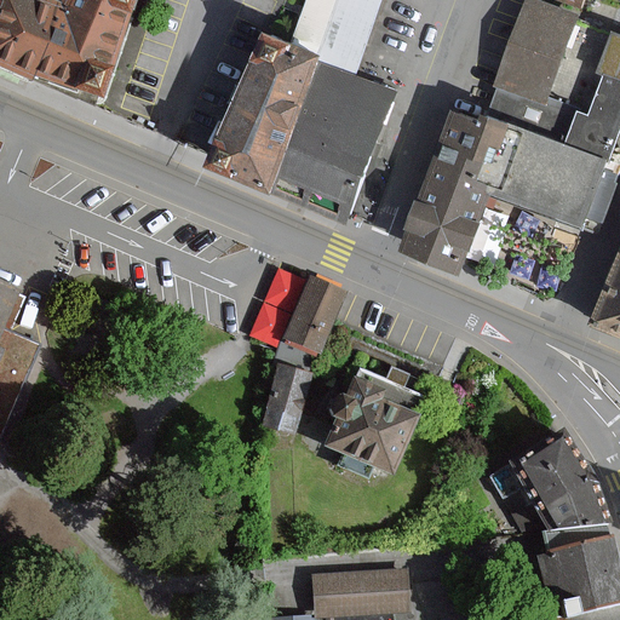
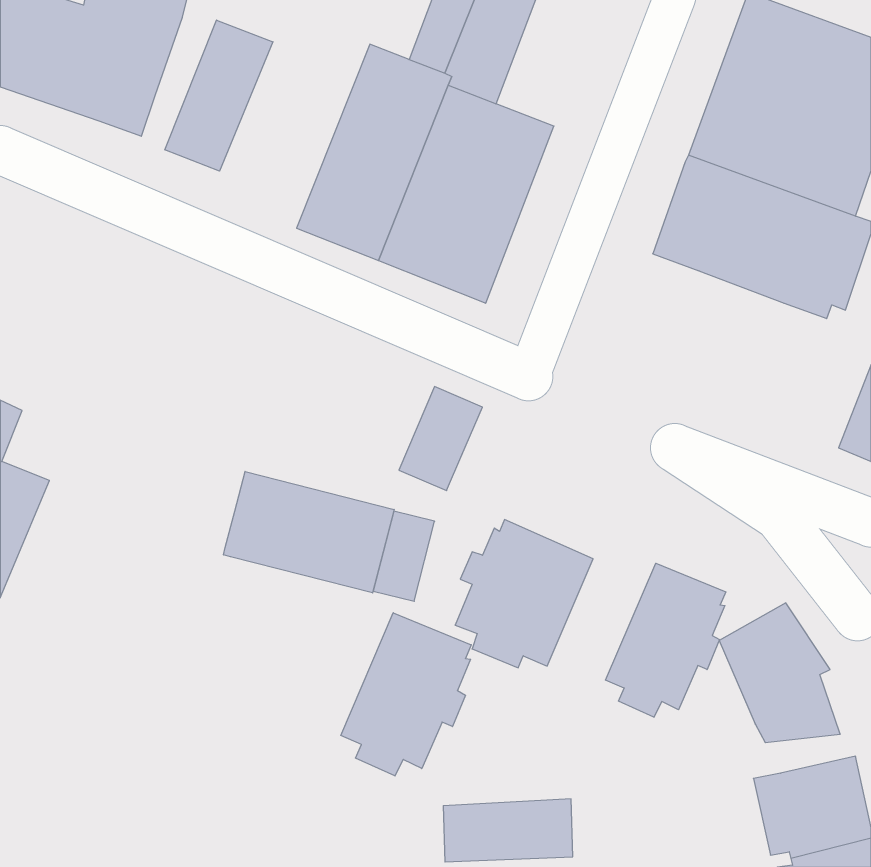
building: none -> [165,20,273,171]
building: [406,104,496,269] -> none
building: none -> [224,471,394,593]
building: none -> [606,563,726,717]
building: none -> [341,613,471,776]

